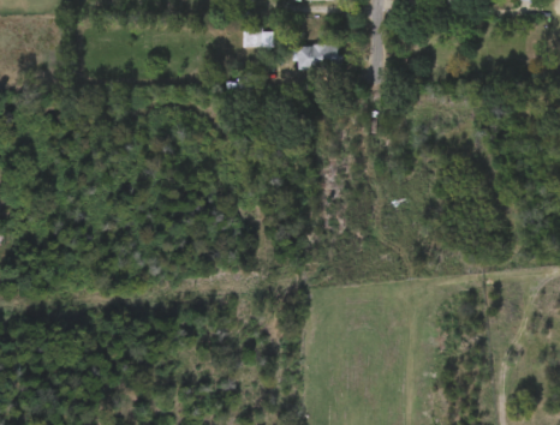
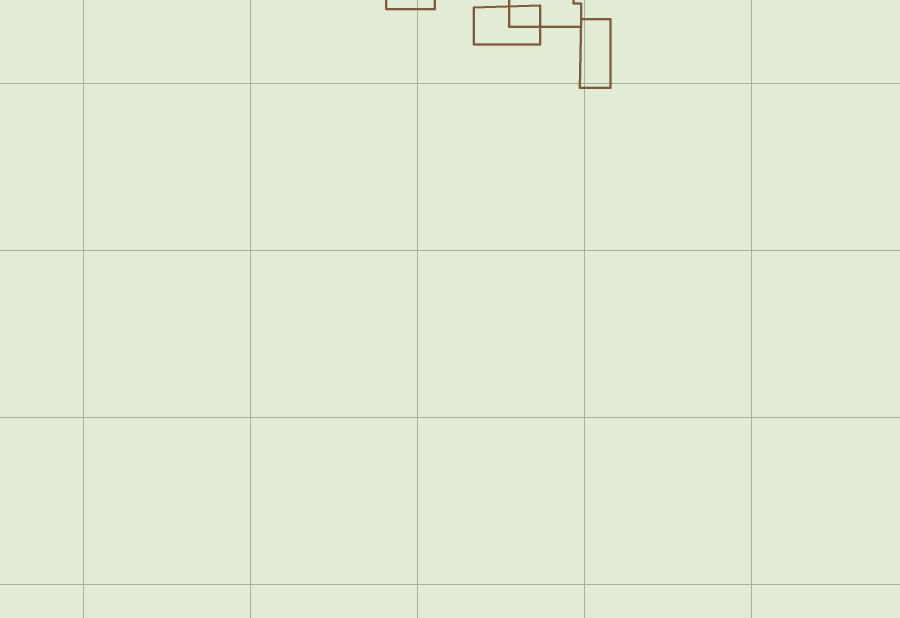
building: none -> [580,19,611,88]

